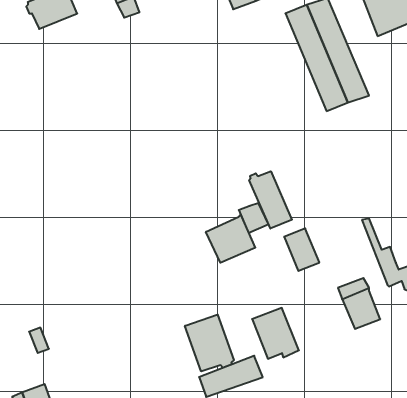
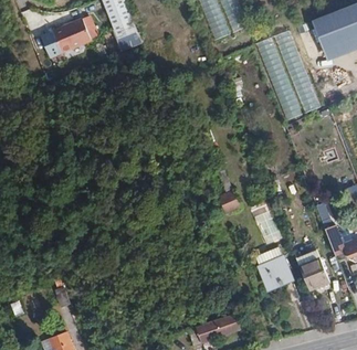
building: [249,171,292,229] -> none
building: [206,214,255,263] -> none
building: [252,308,299,359] -> [254,245,291,285]
building: [185,314,234,371] -> none

